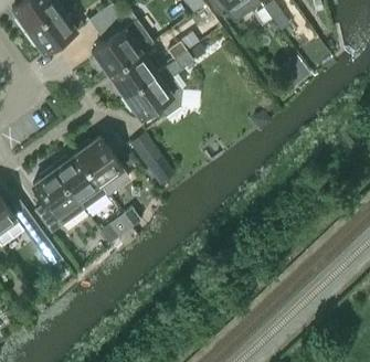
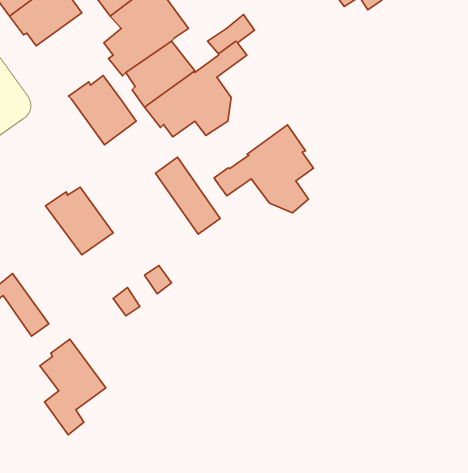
building: none -> [214,125,313,213]
building: [74,137,121,185] -> [68,76,136,145]
building: [31,167,77,234] -> [40,339,106,435]

